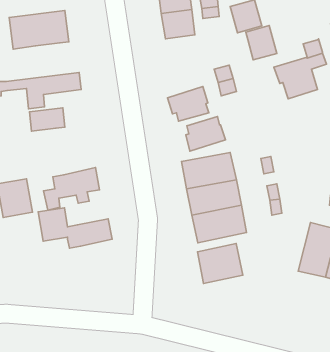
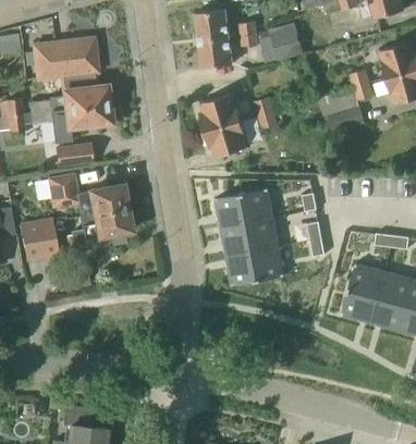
building: [246,25,277,60] -> none
building: none -> [28,72,109,113]
building: [186,117,225,151] -> [199,94,242,131]
building: [38,208,112,248] -> [47,172,126,215]
building: [198,244,243,283] -> none

